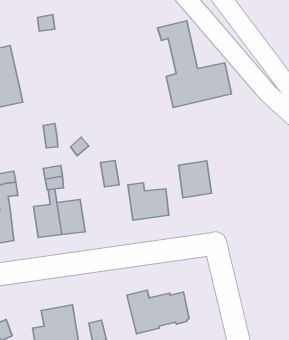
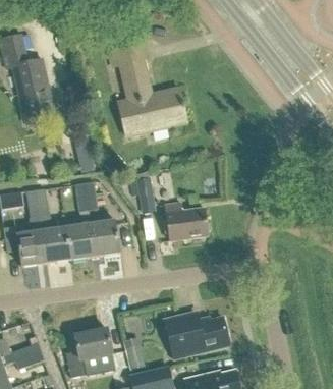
building: [158,21,231,108] -> [108,44,185,134]
building: [178,161,211,198] -> none
building: none -> [39,214,70,261]

